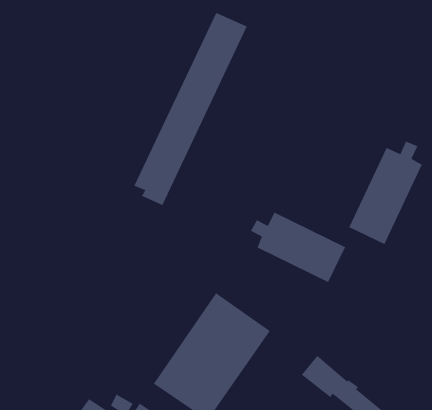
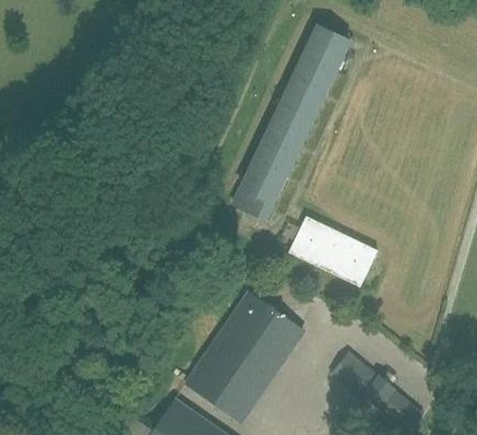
building: [133,12,248,206] -> [236,26,349,219]
building: [348,141,423,245] -> none

